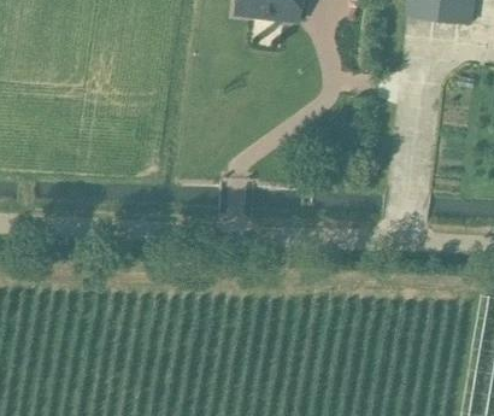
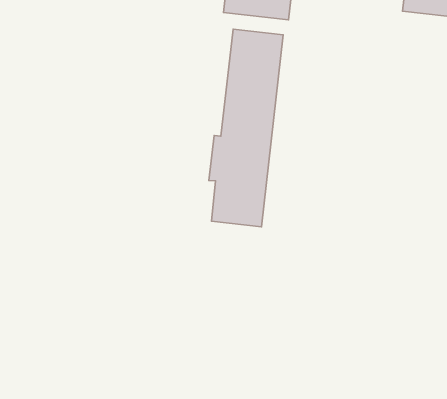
building: none -> [209,29,283,227]

